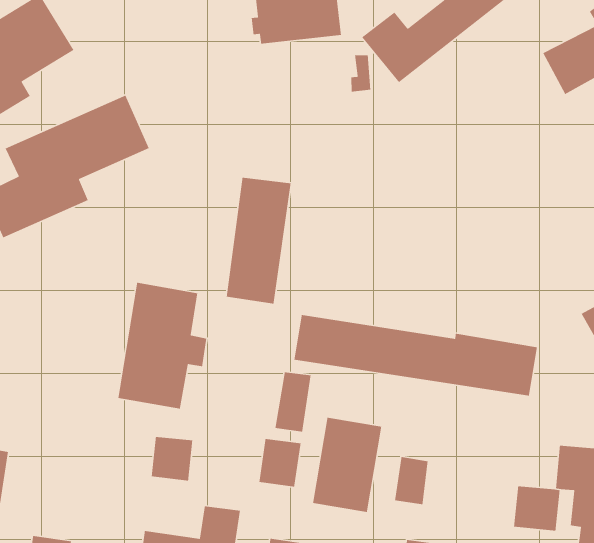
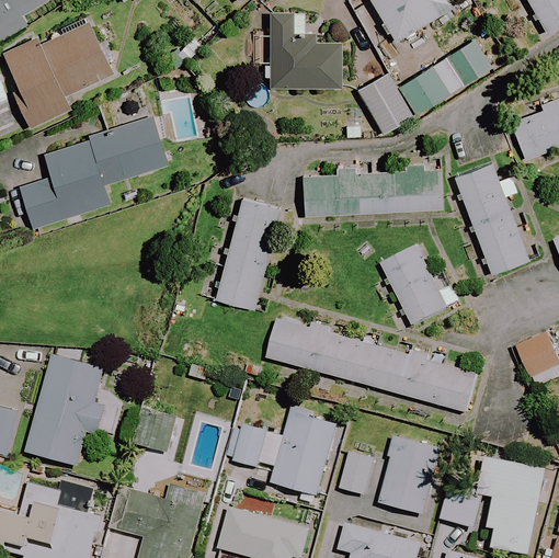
building: none -> [454,162,528,273]
building: none -> [301,168,442,215]
building: none -> [379,244,446,326]
building: [118,282,207,409] -> [25,353,107,466]
building: [274,372,311,432] -> none
building: none -> [379,436,440,513]

